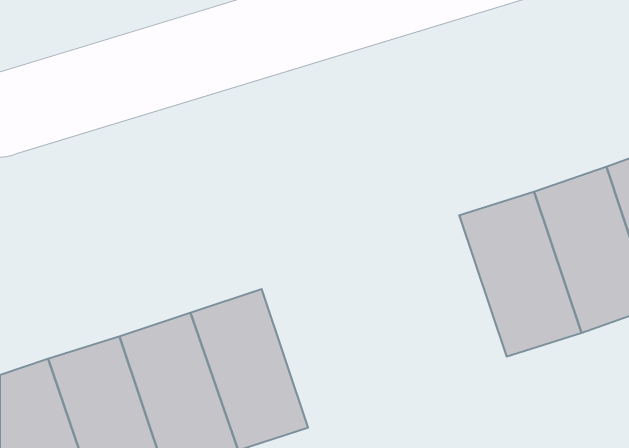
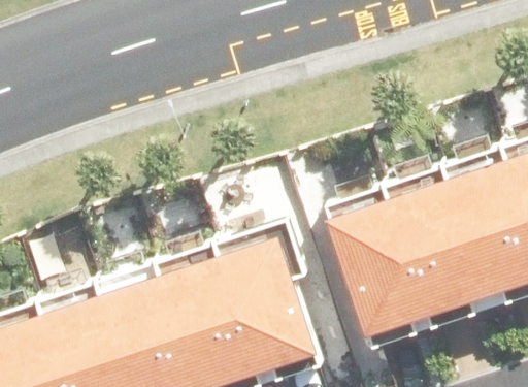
building: none -> [324,192,419,328]
building: none -> [217,231,320,367]

